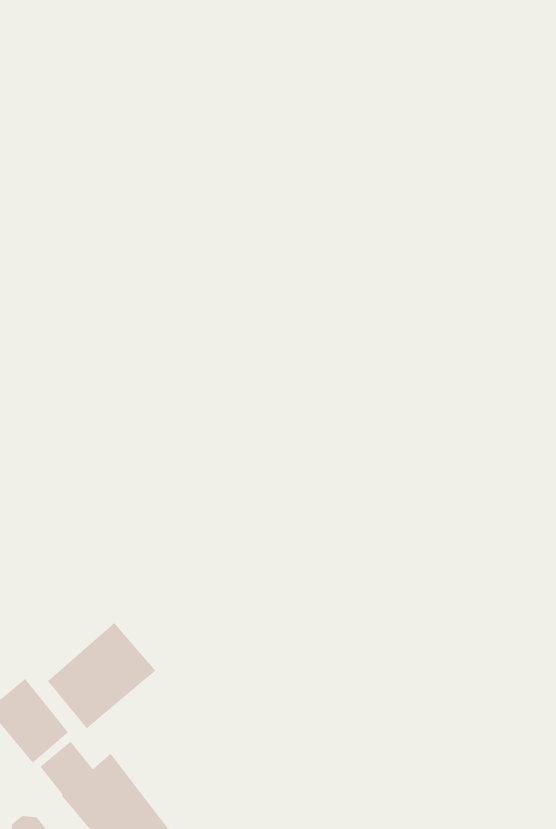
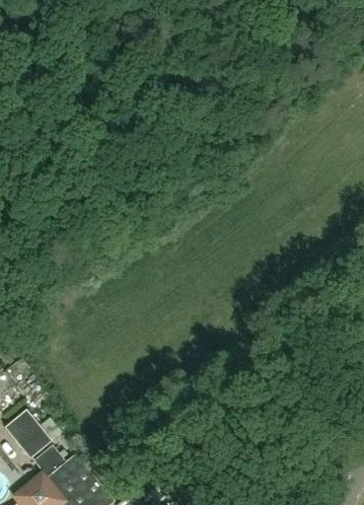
building: [47,622,156,729] -> none

